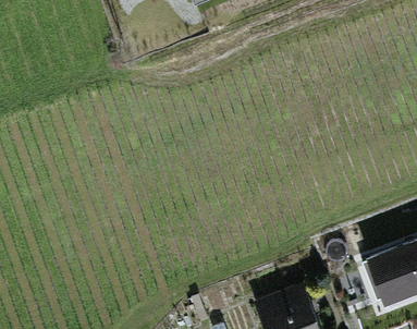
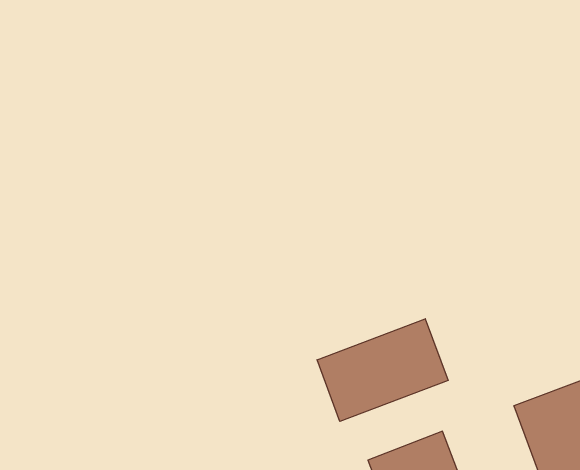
building: none -> [317,319,448,421]

